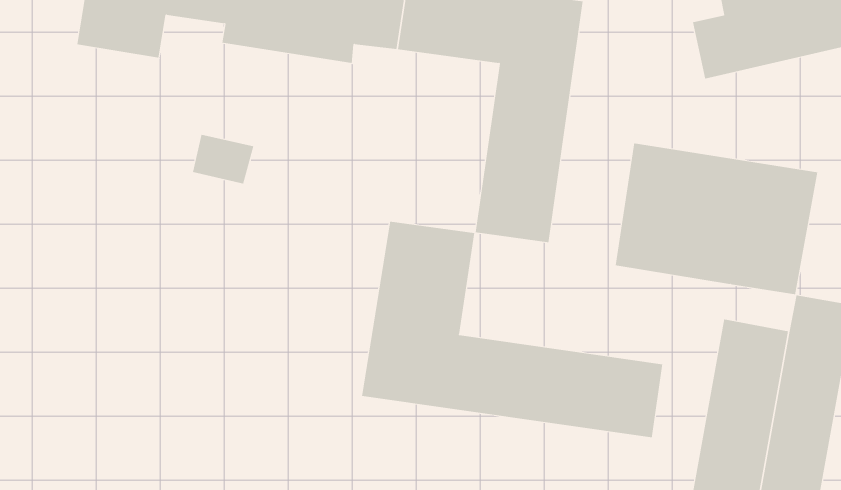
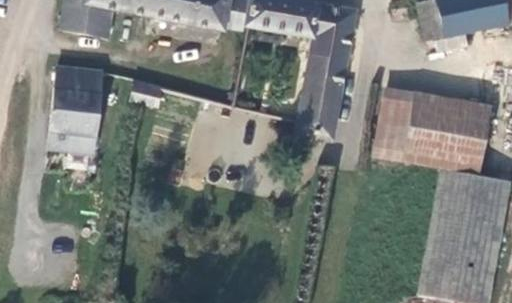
building: none -> [49,64,102,156]
building: [361,221,663,438] -> none
building: none -> [436,167,478,194]

